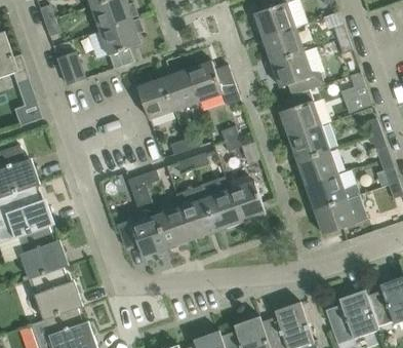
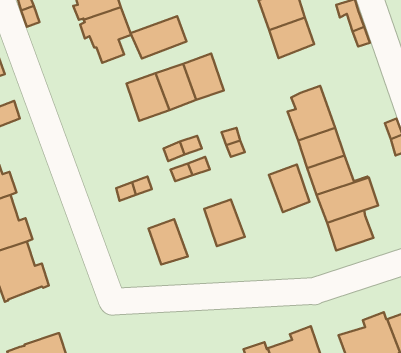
building: none -> [131,16,186,58]
building: [272,51,316,94] -> none
building: [58,54,86,85] -> none
building: [340,72,372,115] -> none
building: [230,180,266,222] -> [269,165,310,212]
building: [179,197,217,239] -> none
building: [118,215,168,256] -> none
building: [33,266,83,319] -> none

